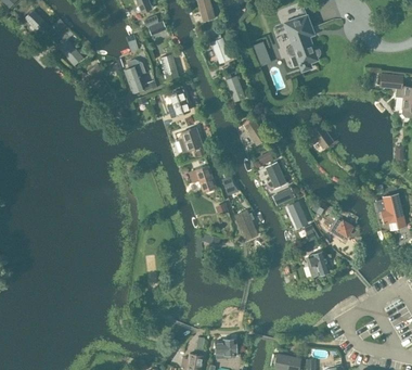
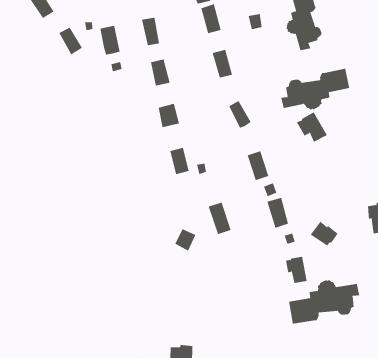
building: none -> [280,68,350,110]
building: none -> [289,279,360,325]

